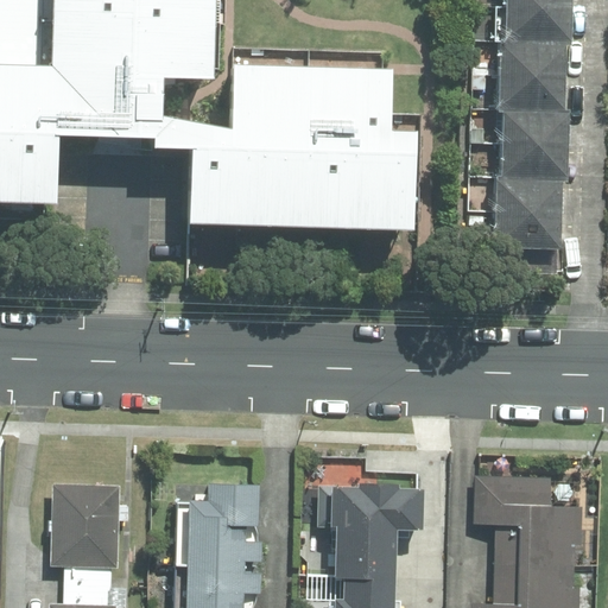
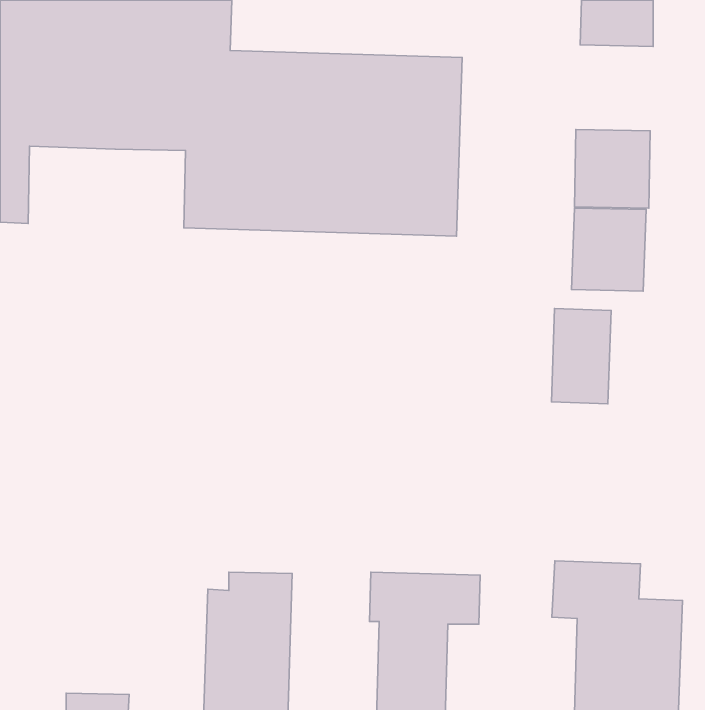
building: [494,45,563,115] -> none
building: none -> [551,309,611,404]
building: [52,492,122,591] -> none

